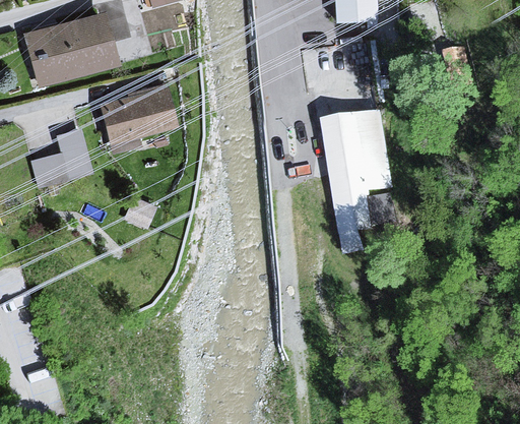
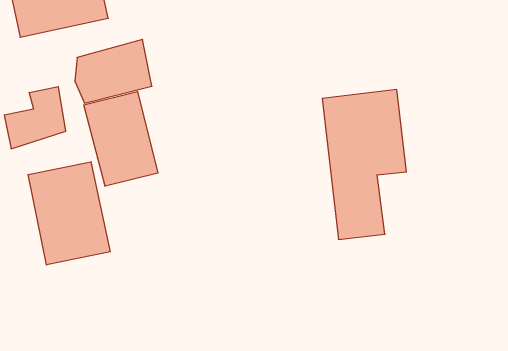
building: none -> [84,91,158,186]
building: none -> [28,162,110,265]

